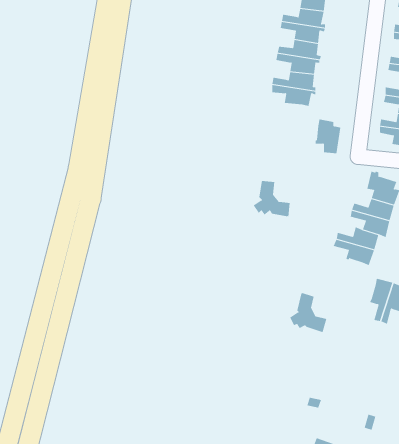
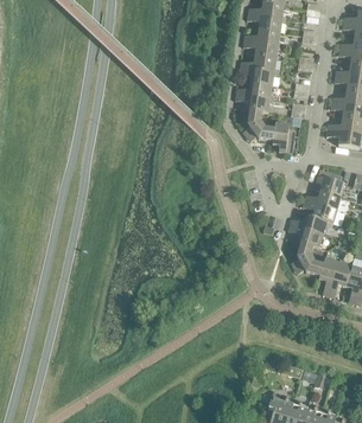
building: [253,180,291,217] -> [241,109,273,140]
building: [289,292,327,333] -> [290,241,322,275]

